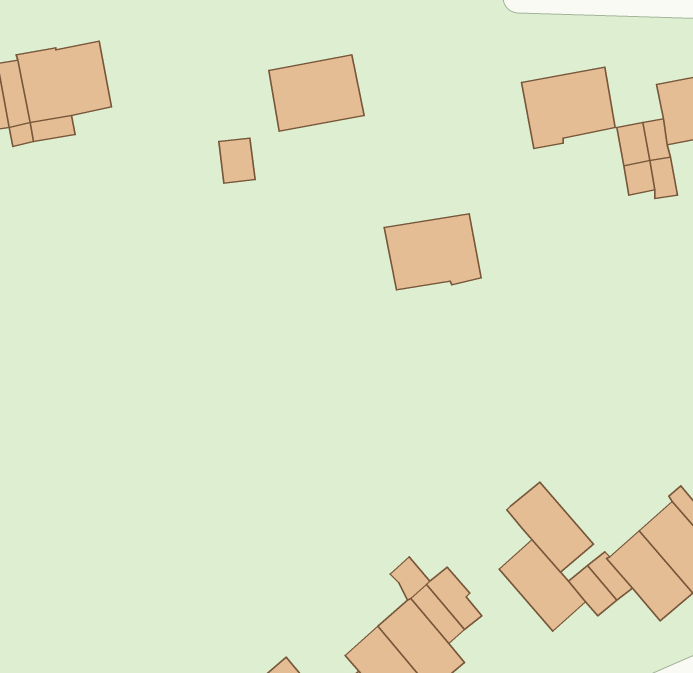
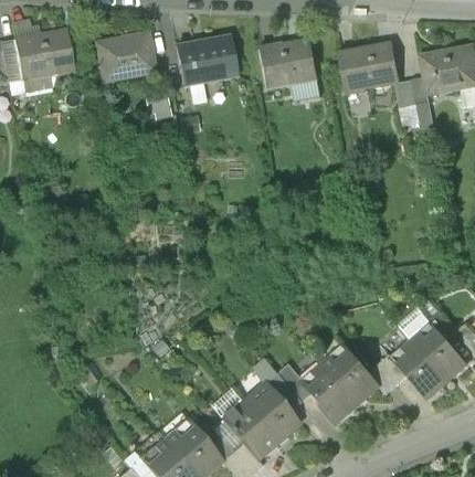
building: none -> [97,31,157,80]
building: [384,214,481,290] -> [257,39,319,87]
building: [507,482,593,572] -> [302,363,357,421]

